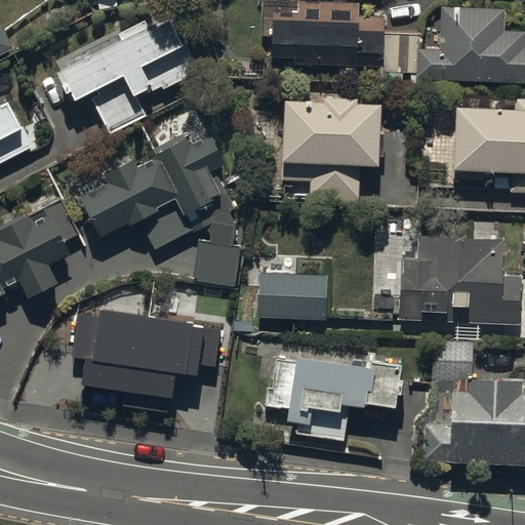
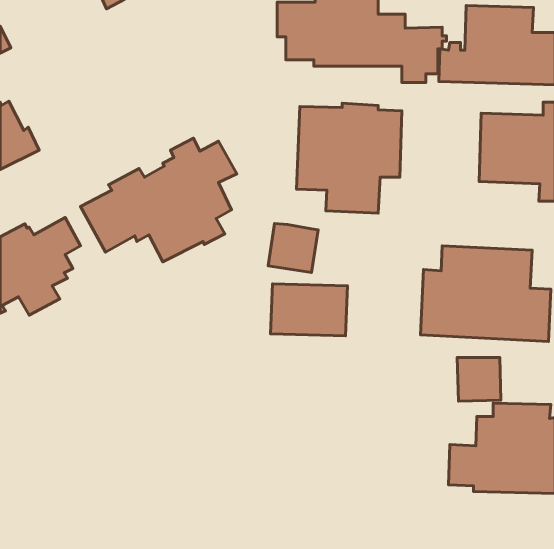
building: [56,4,198,131] -> none
building: [192,238,239,284] -> [268,223,318,272]
building: [71,314,223,402] -> none
building: [264,356,401,439] -> none

